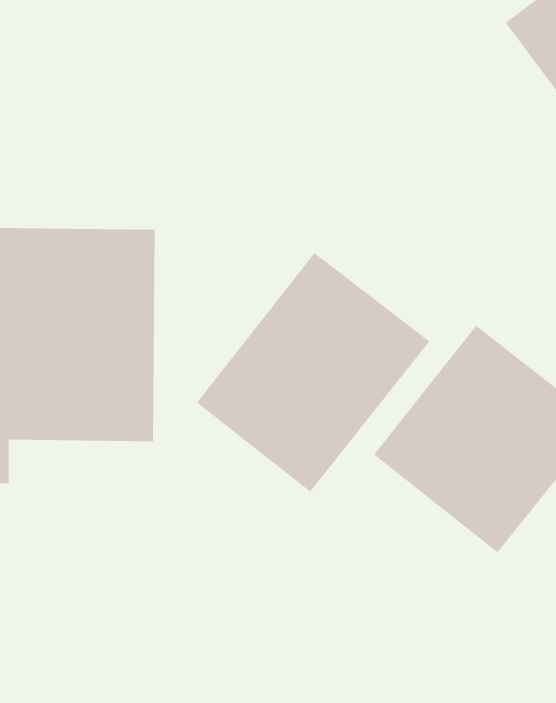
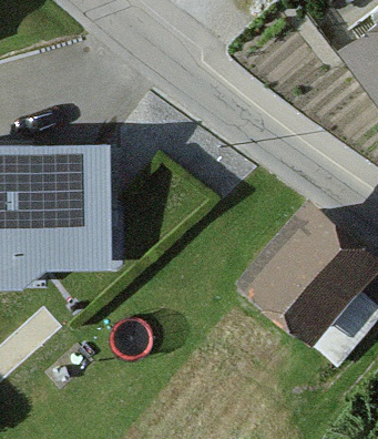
building: [196,252,430,493] -> none

